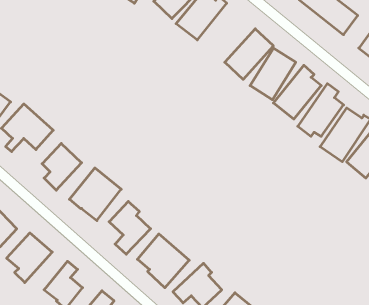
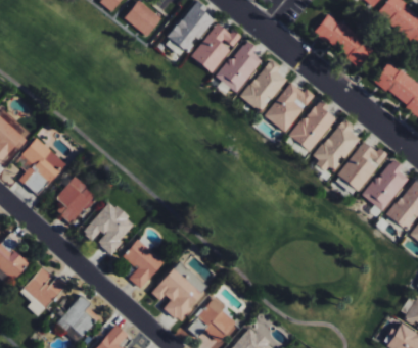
building: none -> [216,39,262,92]

